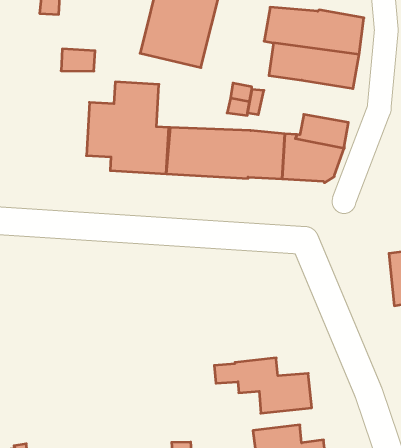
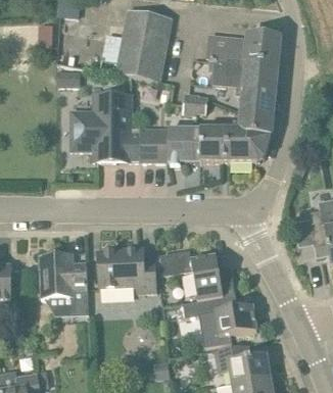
building: none -> [234,86,274,115]
building: none -> [97,247,156,291]
building: none -> [39,252,87,312]
building: none -> [161,248,234,299]

